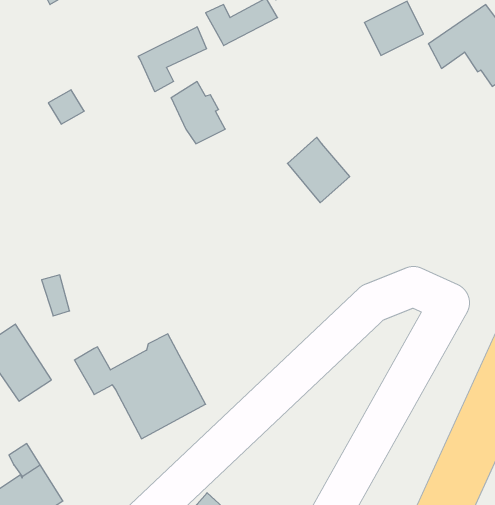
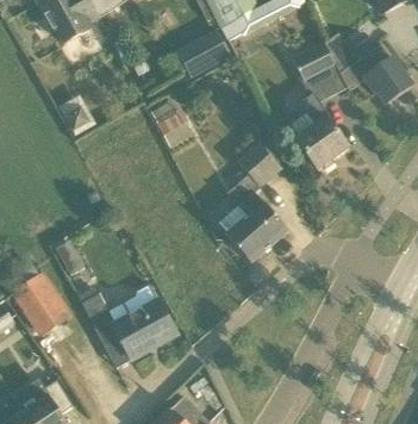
building: [138,27,207,92] -> none
building: none -> [289,92,348,169]
building: none -> [218,192,287,262]

